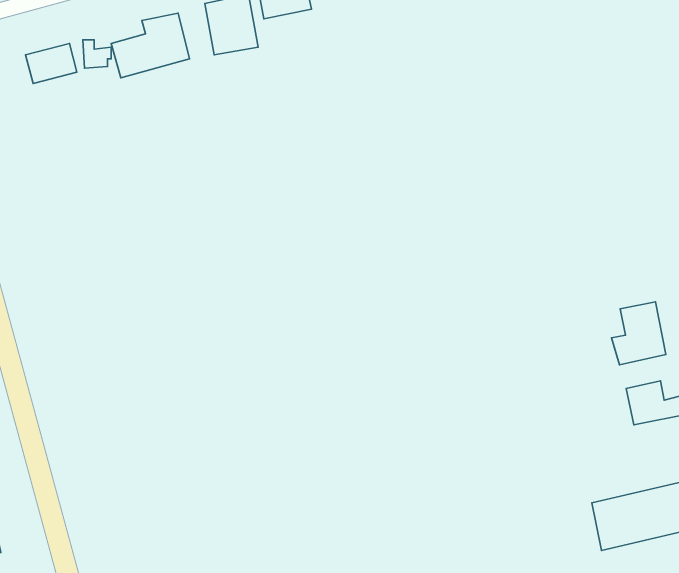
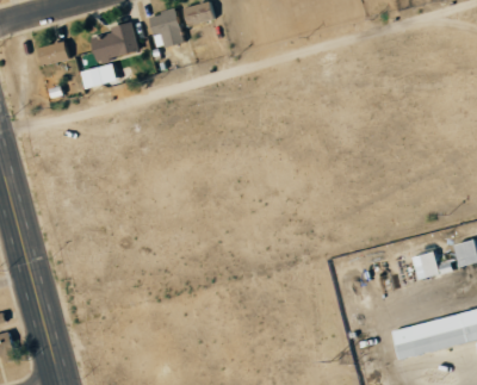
building: none -> [76,66,111,88]
building: [612,302,666,365] -> none

